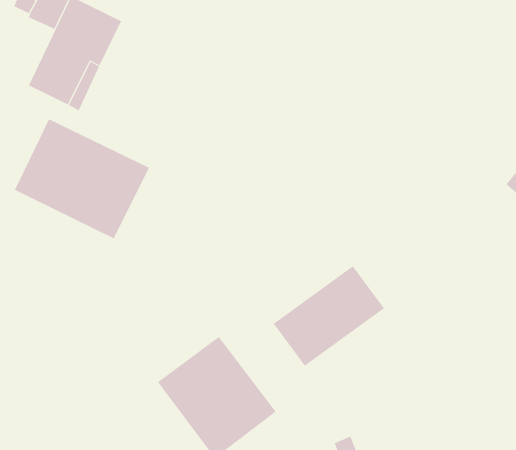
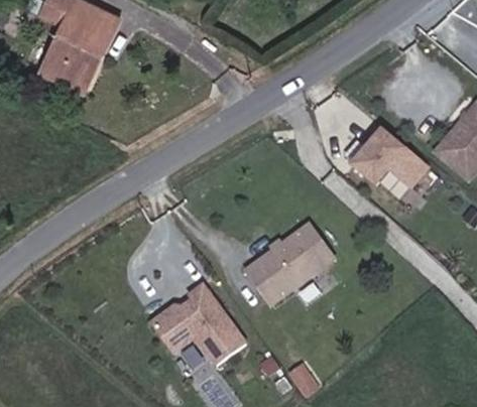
building: [14,119,150,239] -> none
building: none -> [349,124,430,188]

